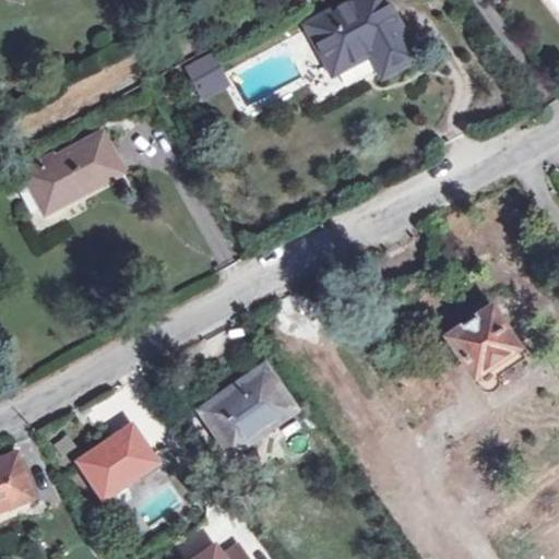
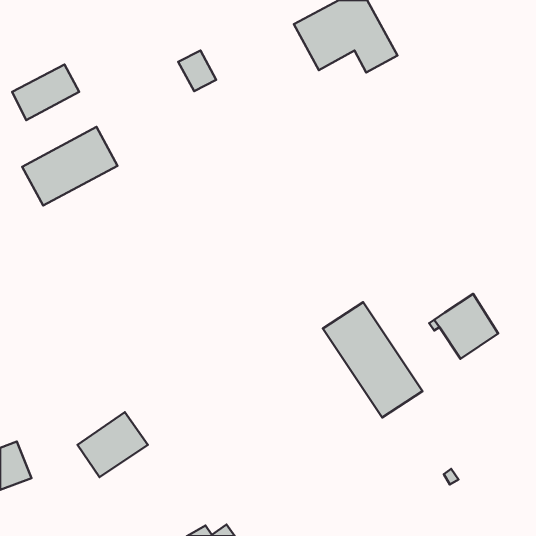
building: none -> [12,64,79,120]
building: none -> [323,302,422,418]
building: [203,369,292,449] -> none

